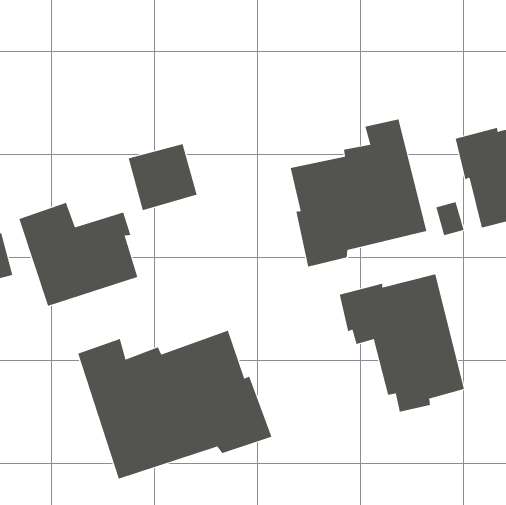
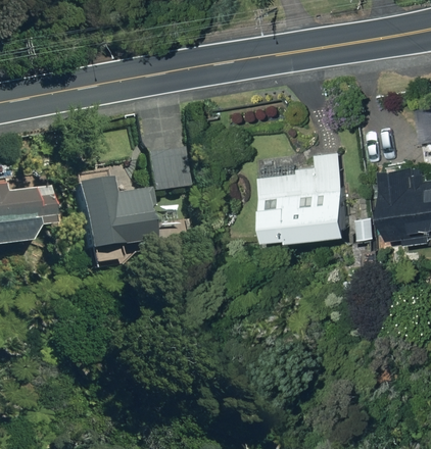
building: [339,273,465,412] -> none
building: [77,330,272,480] -> none

